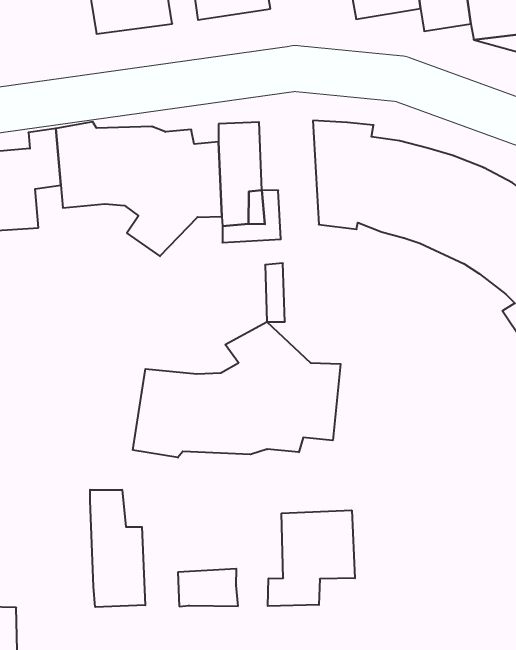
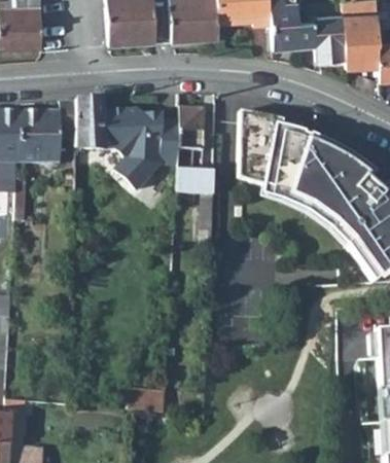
building: [133,322,341,458] -> none
building: [90,490,145,607] -> none
building: [268,510,355,606] -> none

